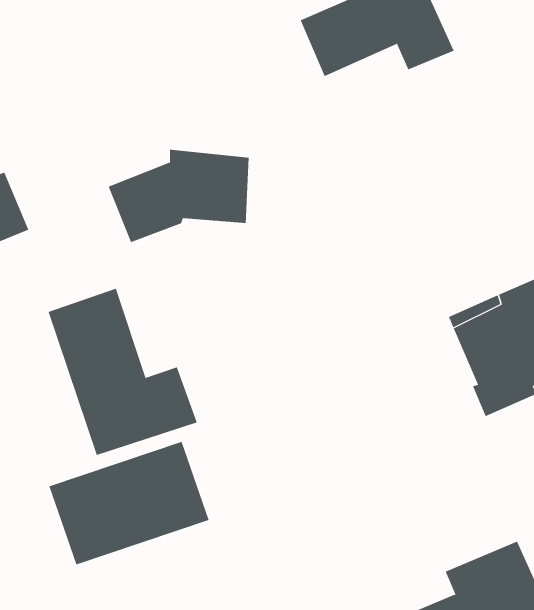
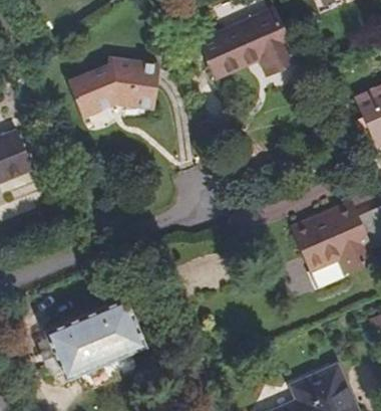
building: [108,149,250,243] -> [70,61,158,120]
building: [48,288,198,456] -> none

